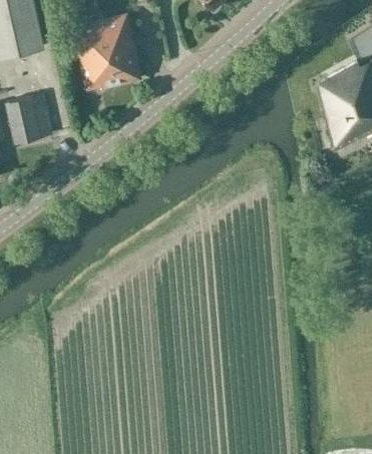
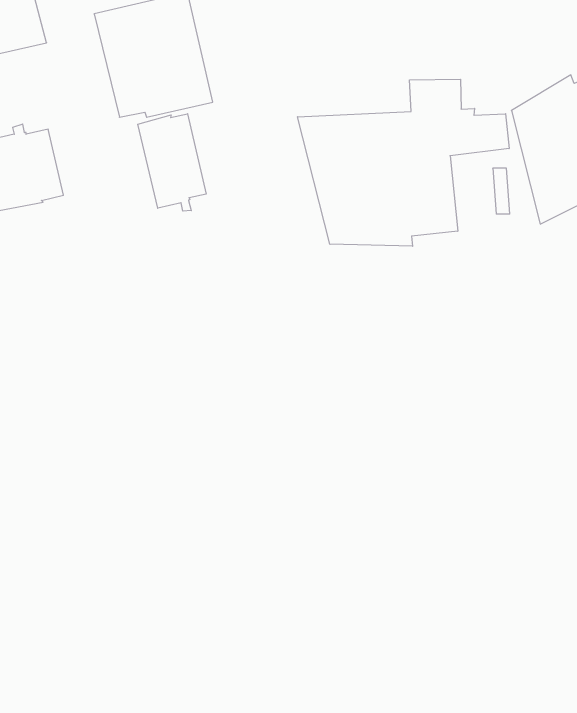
building: none -> [298,79,509,246]
building: none -> [138,114,206,211]

